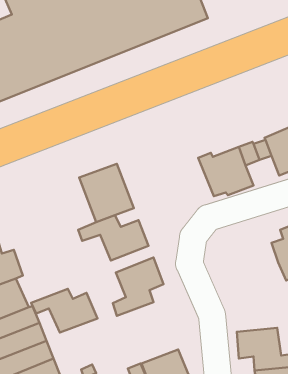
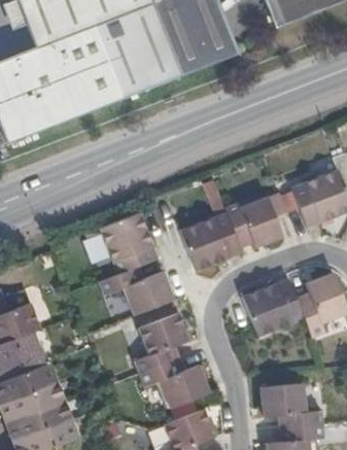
building: none -> [180,211,240,268]
building: none -> [241,276,306,333]
building: [31,289,97,332] -> [138,356,207,402]

